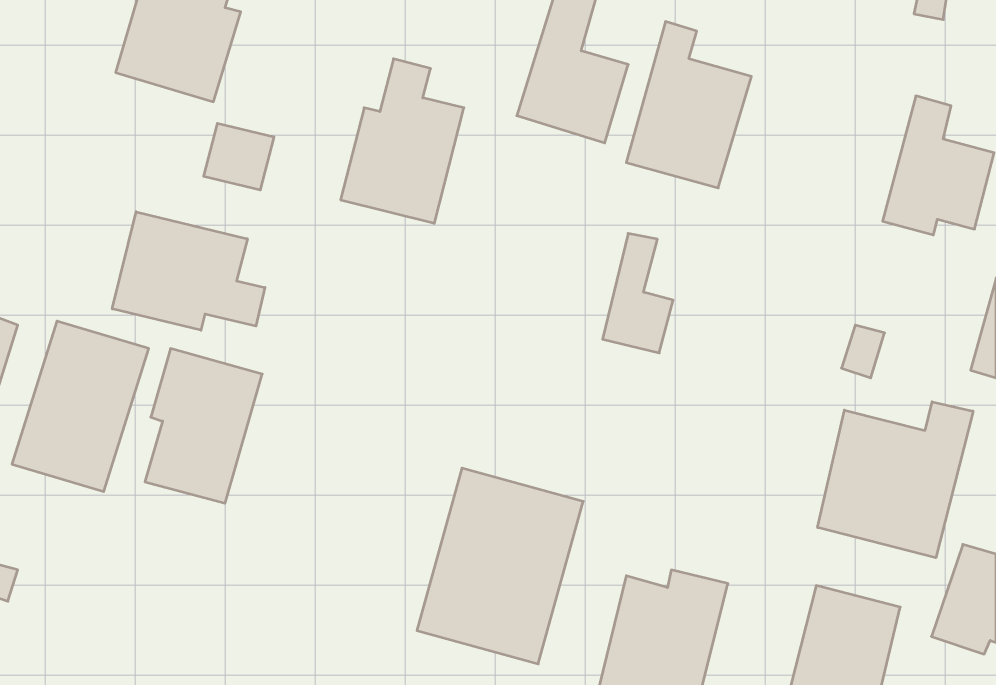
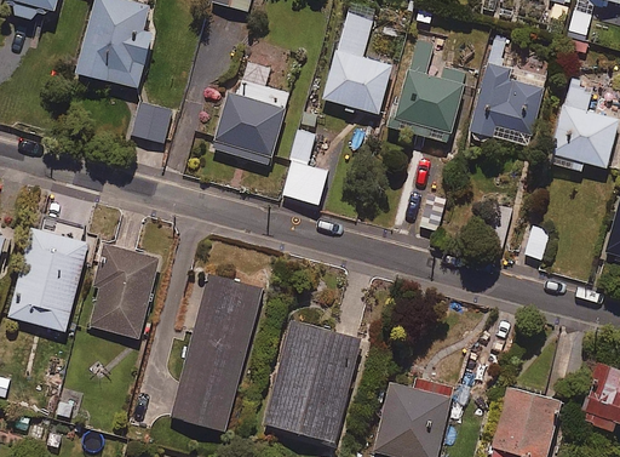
building: none -> [466,64,545,149]
building: [112,212,265,330] -> none
building: [603,233,673,353] -> [281,131,325,205]
building: none -> [165,268,265,428]
building: [818,402,973,558] -> none

